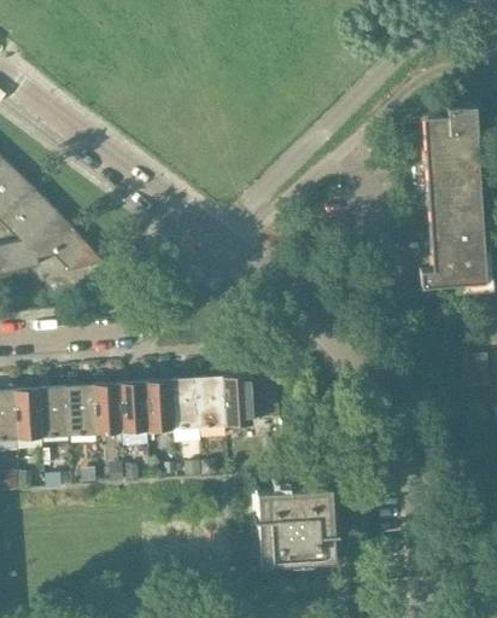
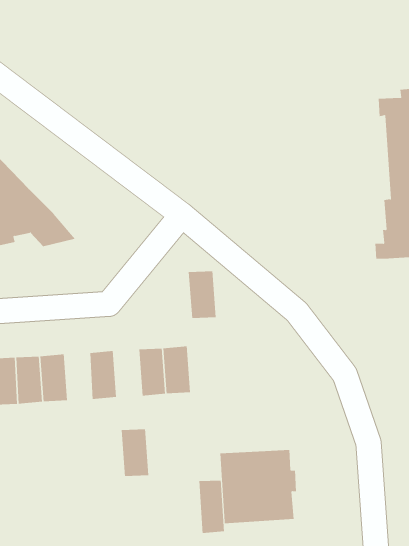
building: [222,377,252,427] -> [188,271,216,319]
building: [144,381,174,432] -> [121,429,149,477]
building: [92,385,121,436] -> none
building: none -> [199,480,224,534]

